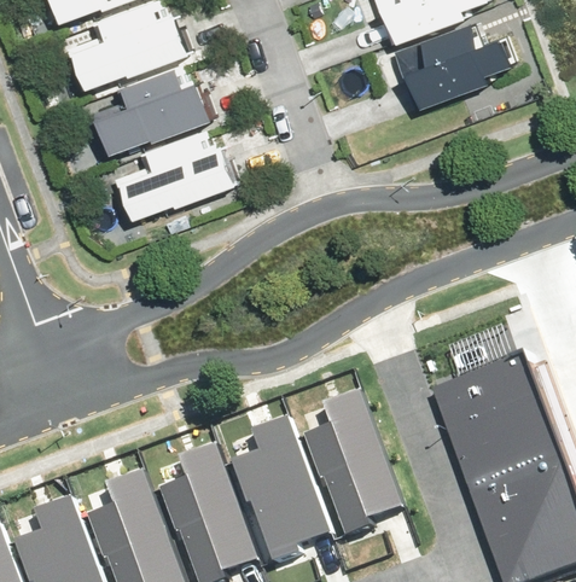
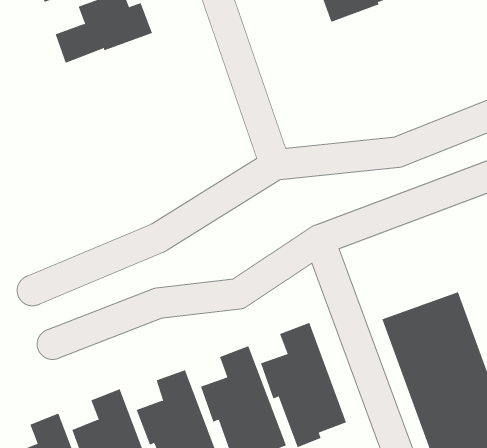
building: [389,29,500,109] -> none
building: [91,72,203,157] -> none
building: [116,134,228,219] -> none

